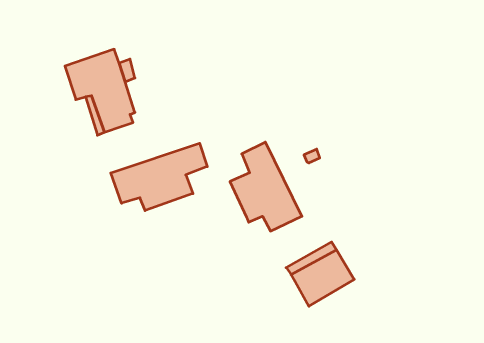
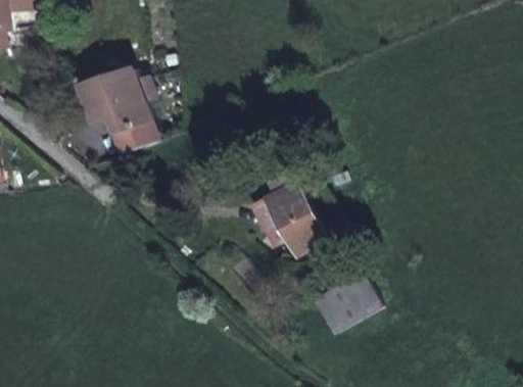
building: [111,143,207,211] -> none

